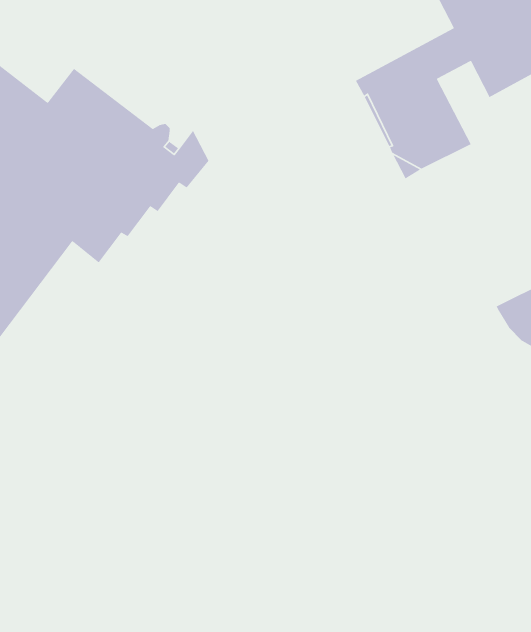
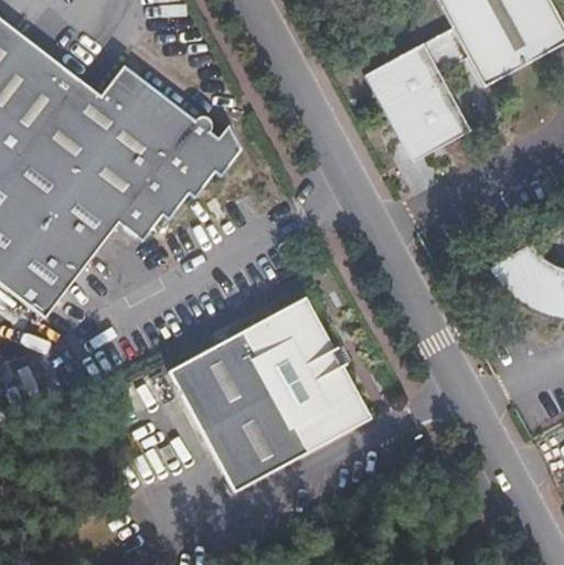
building: none -> [169,307,366,497]

